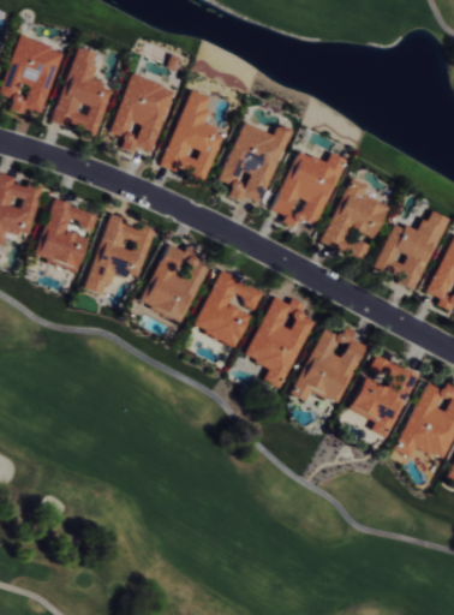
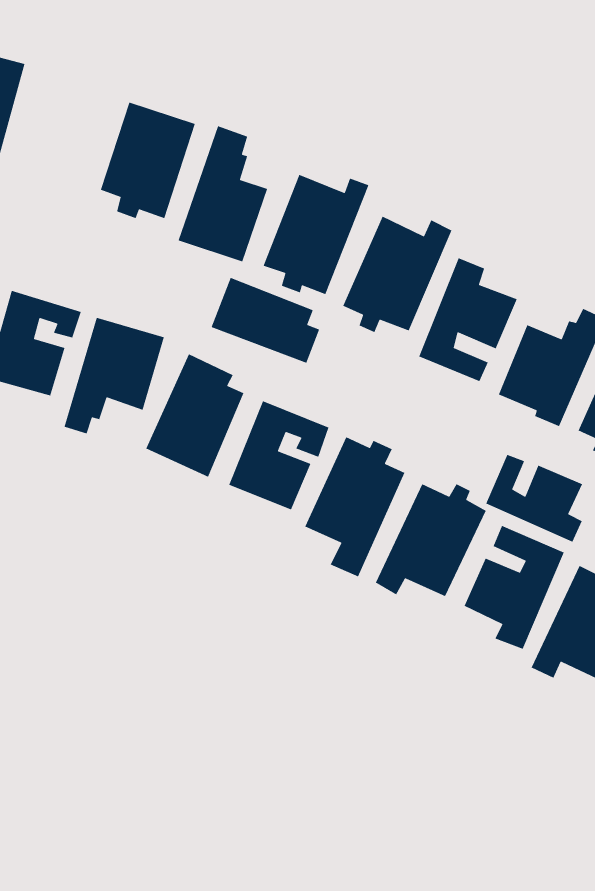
building: [53,46,110,133] -> none
building: none -> [210,277,320,364]
building: none -> [485,454,583,543]

